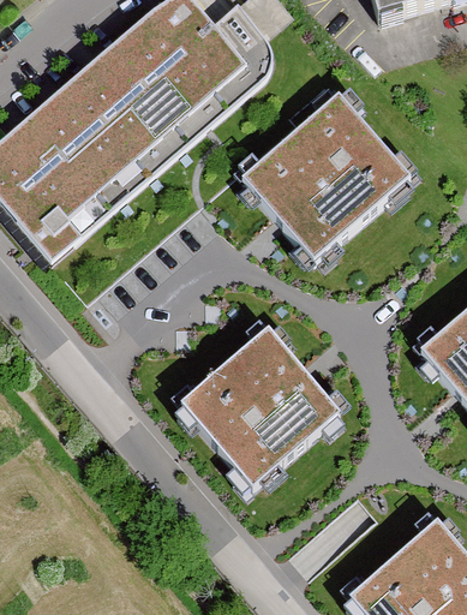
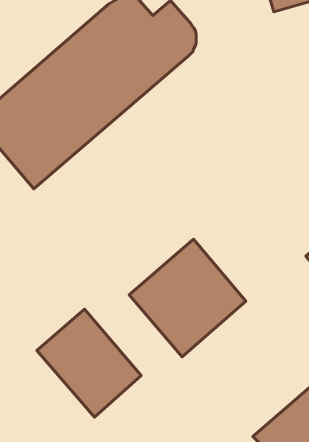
building: [241,94,409,261] -> none
building: none -> [37,309,141,417]

